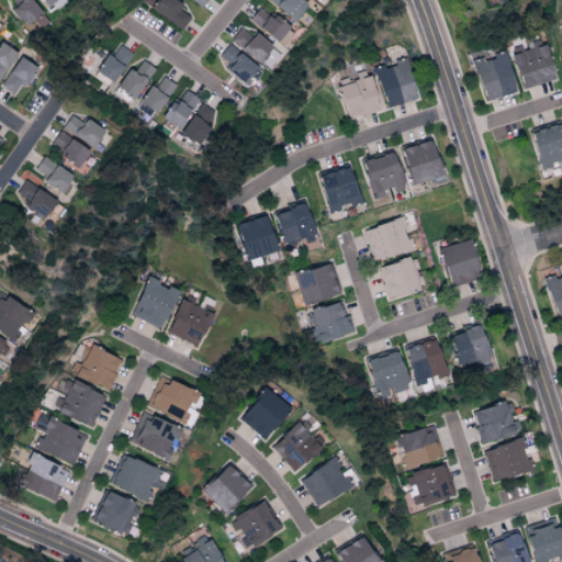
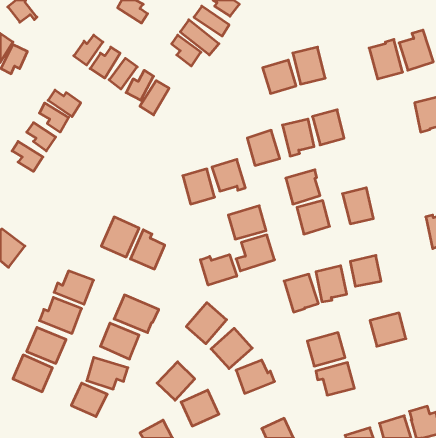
building: none -> [200,255,237,285]
building: [486,439,533,482] -> none

